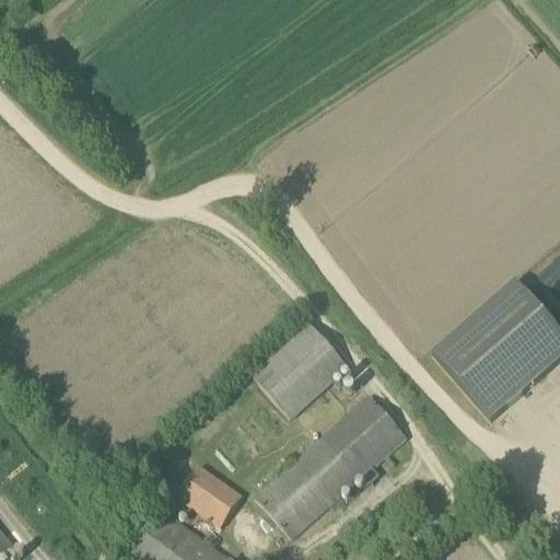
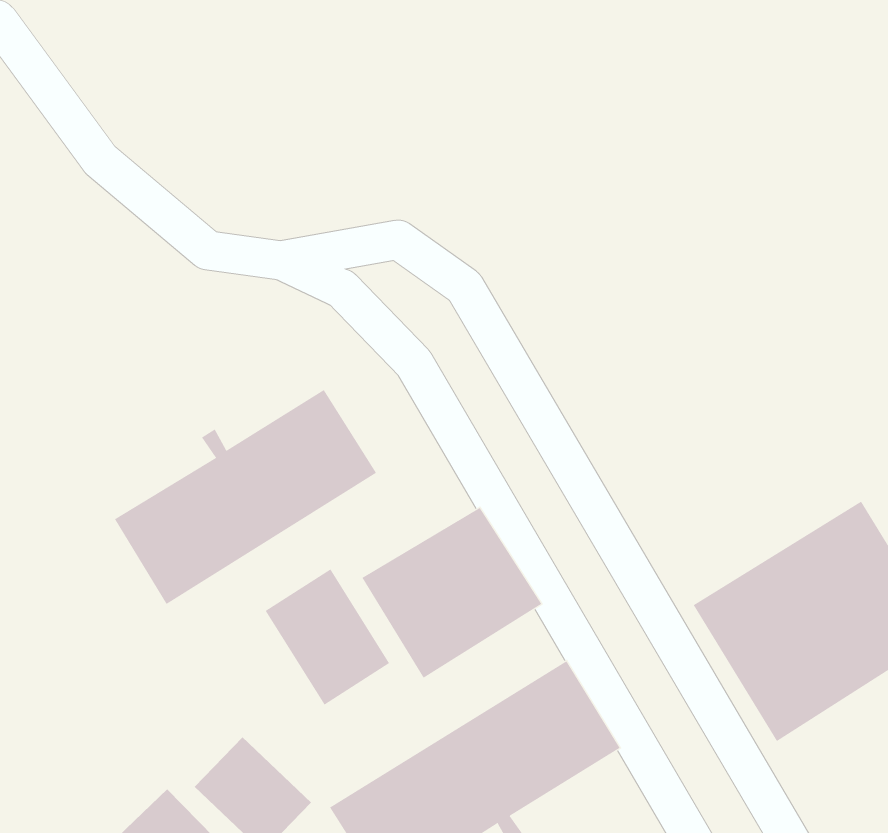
building: none -> [114,389,377,605]
building: none -> [265,569,390,705]

